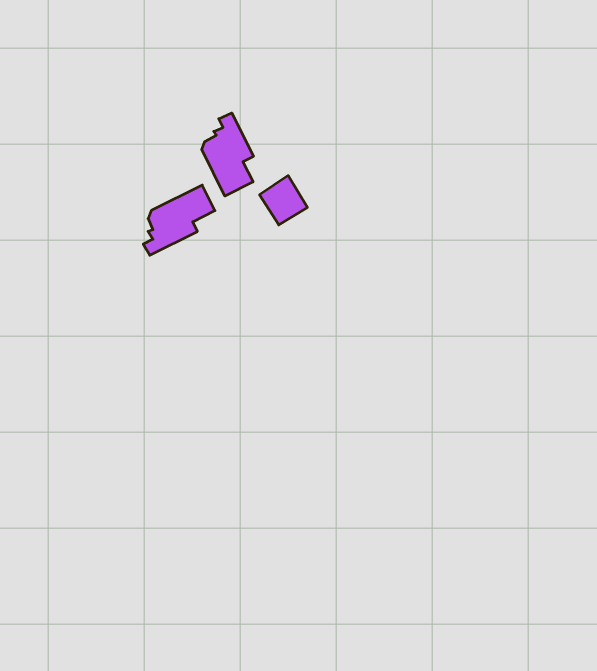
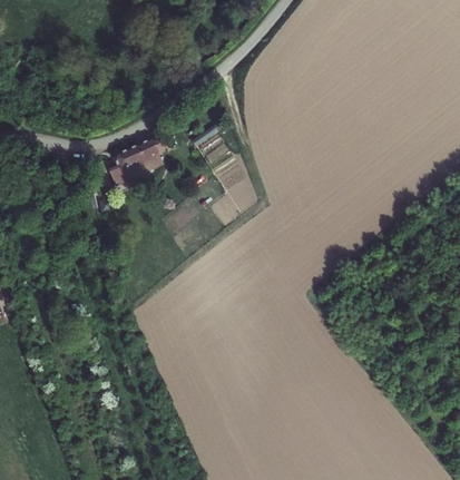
building: [202,113,253,196] -> none

